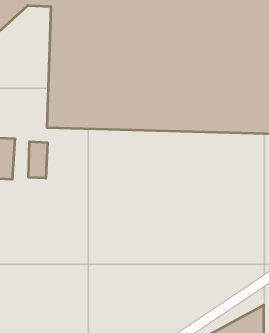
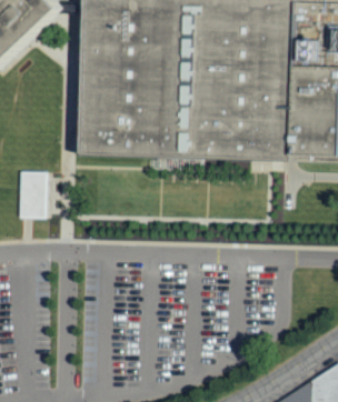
building: [29,142,47,178] -> none

